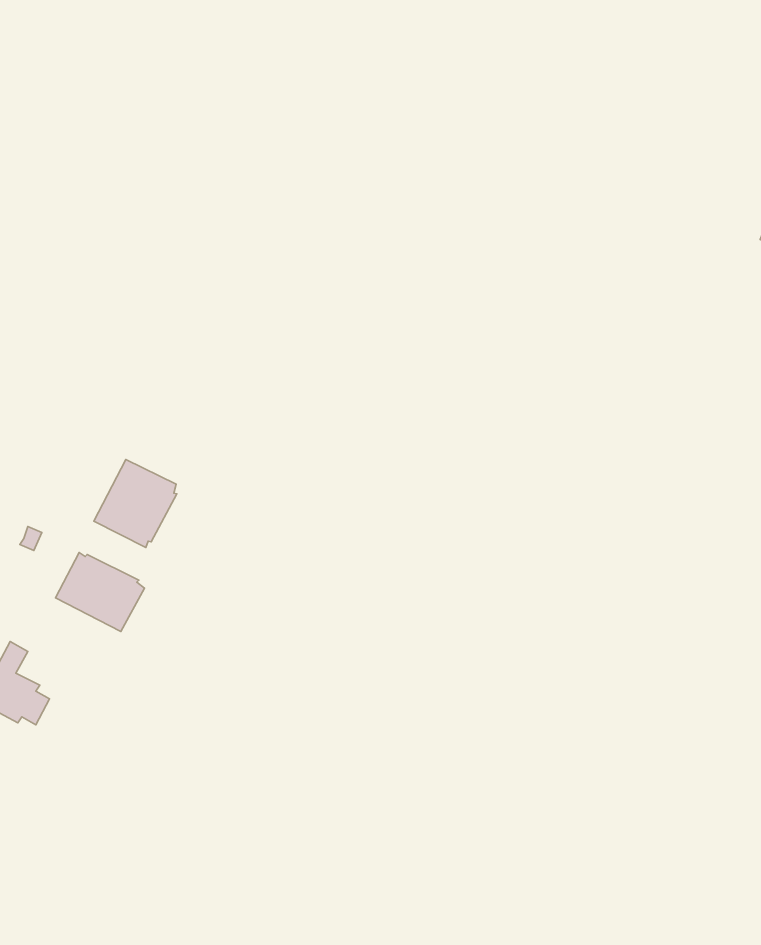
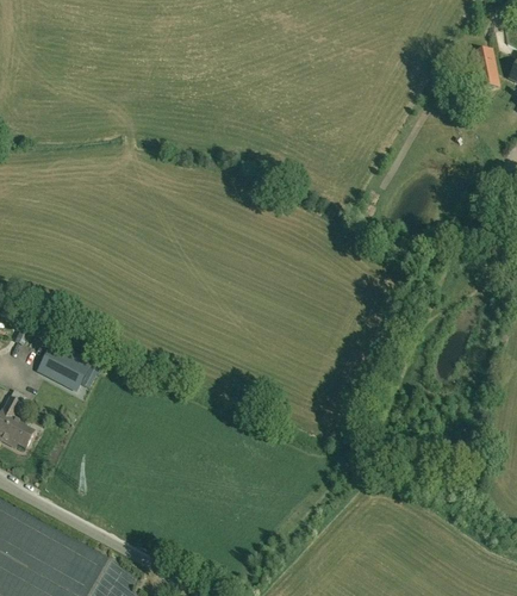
building: [94,459,177,548] -> none

